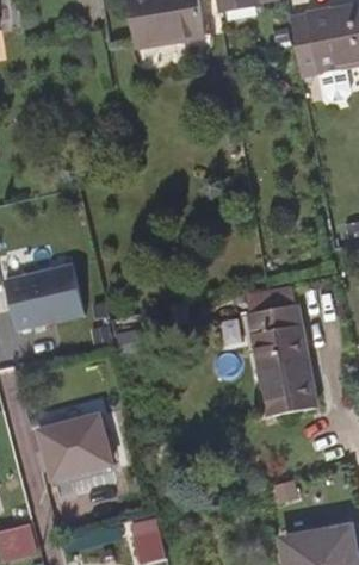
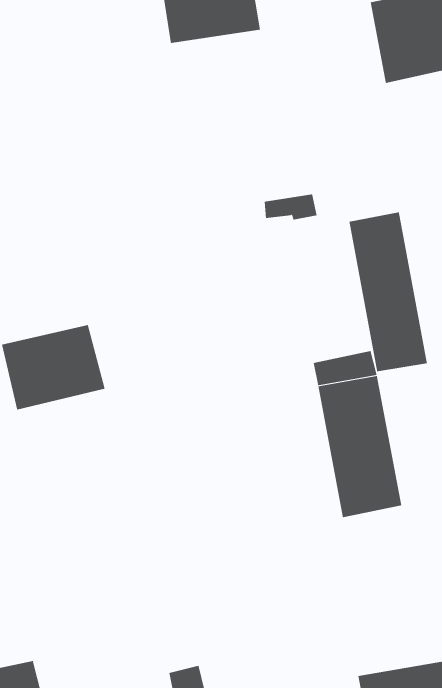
building: none -> [349,211,428,372]
building: [29,411,110,478] -> none

